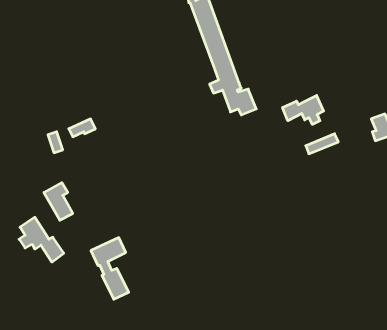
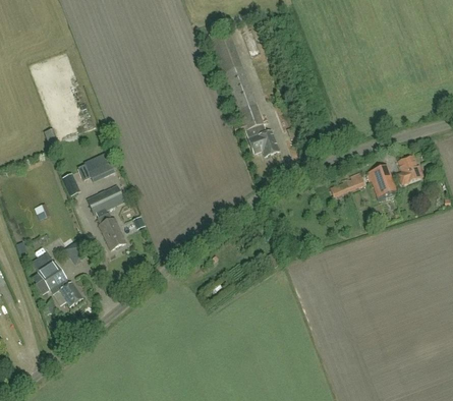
building: [283,95,324,124] -> none
building: none -> [367,165,395,199]
building: [91,238,129,299] -> [87,185,125,248]

